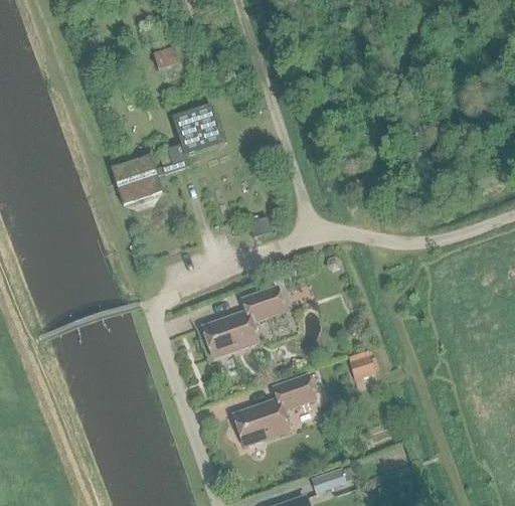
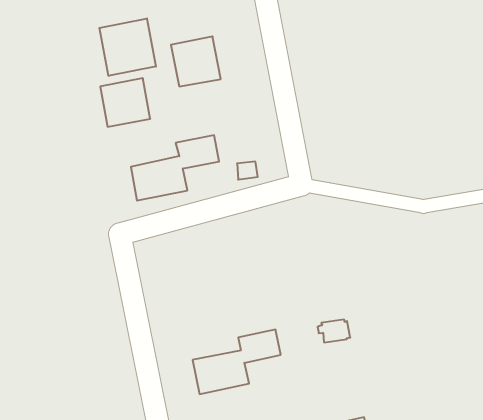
building: none -> [99,18,156,76]
building: [202,285,285,356] -> [131,135,219,201]

